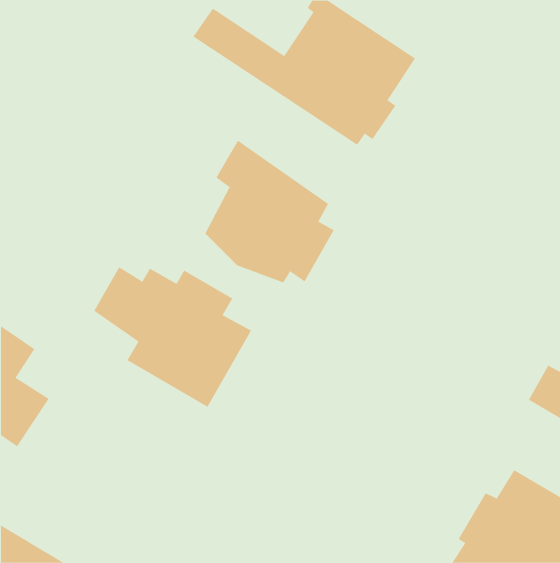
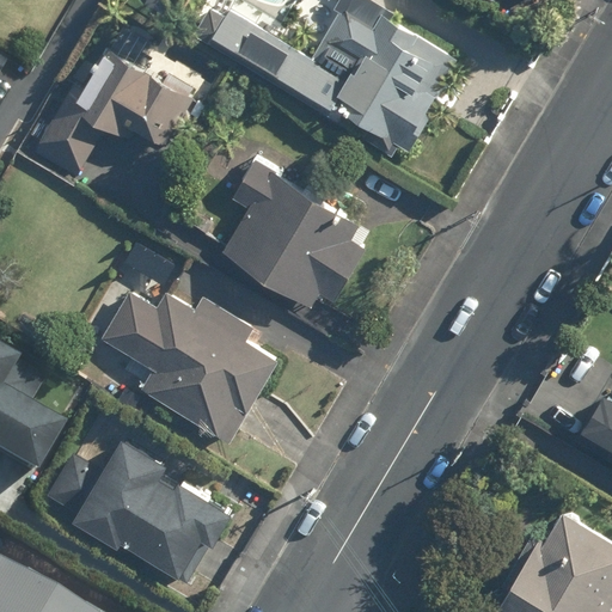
building: none -> [37,45,191,173]
building: none -> [49,436,228,577]

